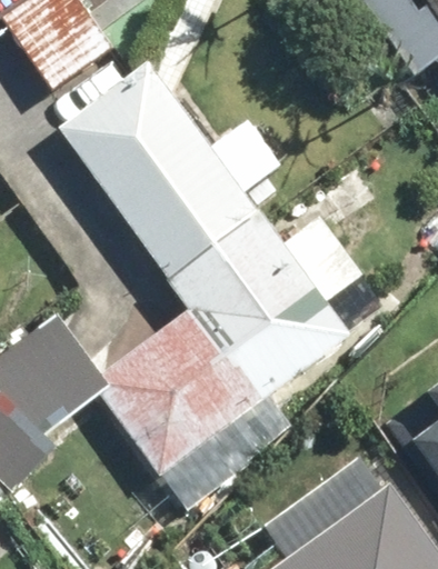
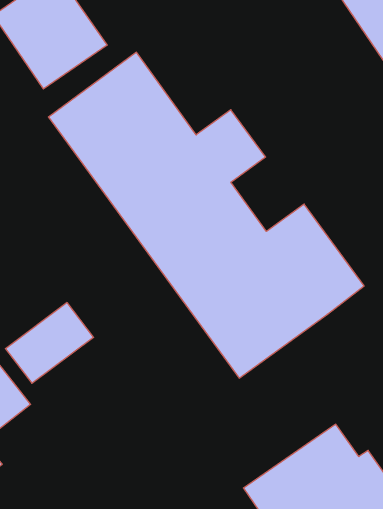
building: [89,310,258,477] -> none

